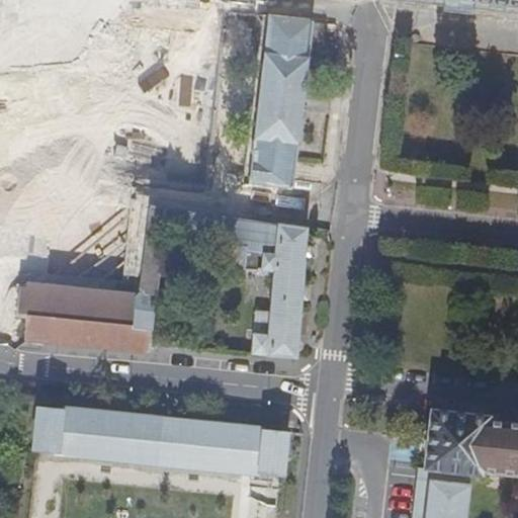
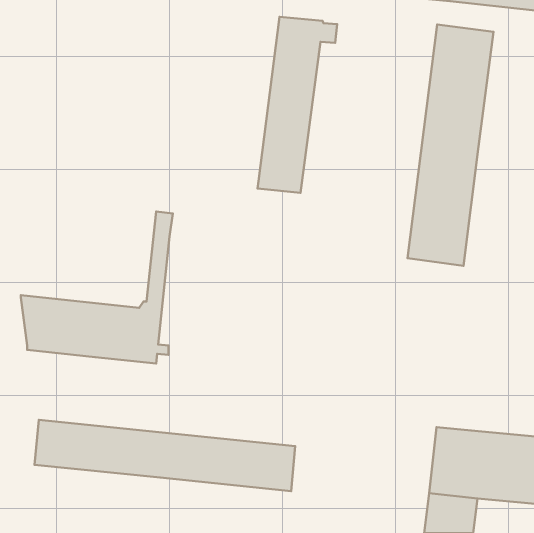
building: none -> [407,24,493,266]
building: [222,215,307,356] -> none

